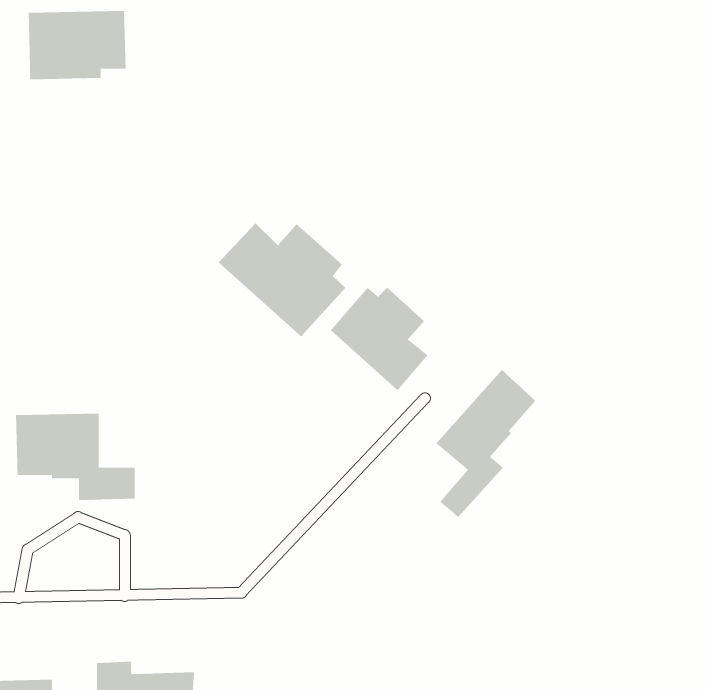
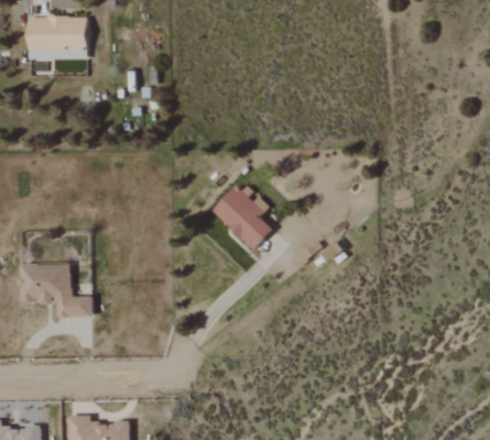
building: [218,223,346,337] -> none
building: [435,369,536,518] -> none

